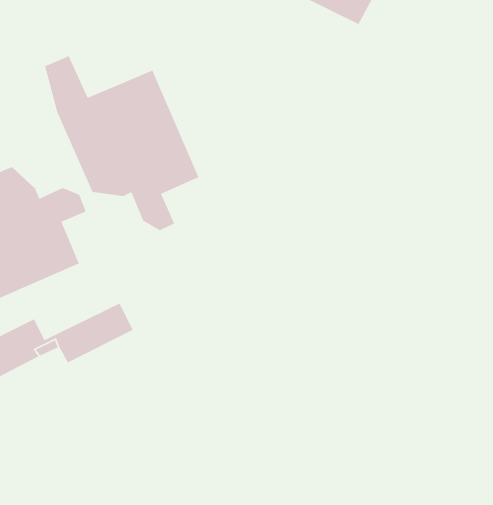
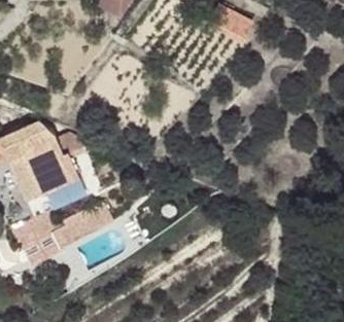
building: [44,55,199,231] -> none

